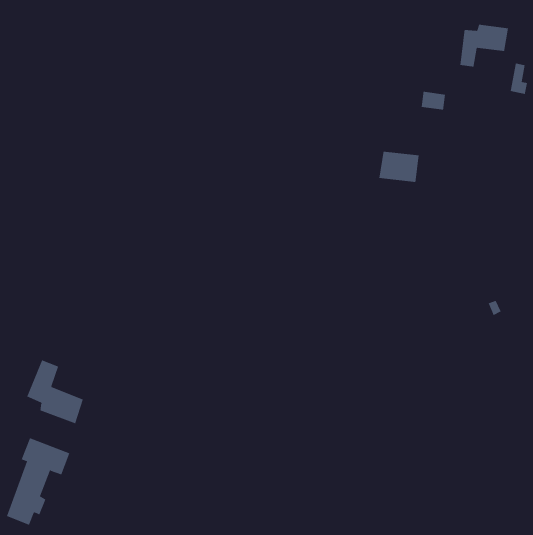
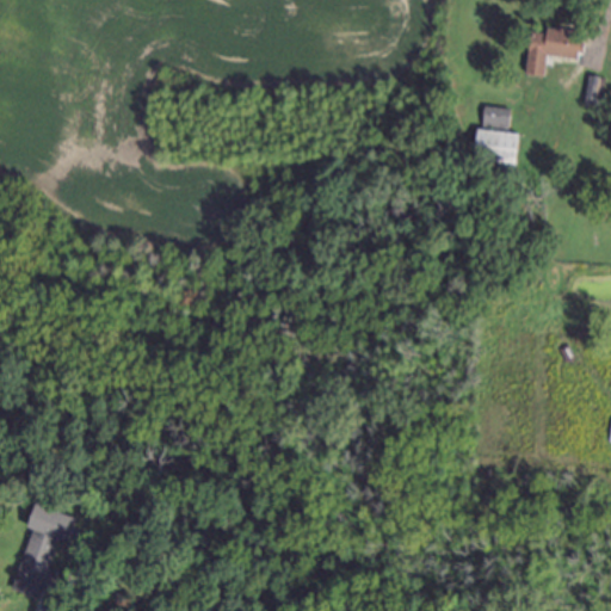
building: [378,151,419,182] -> [473,129,519,165]
building: [26,360,84,424] -> none

